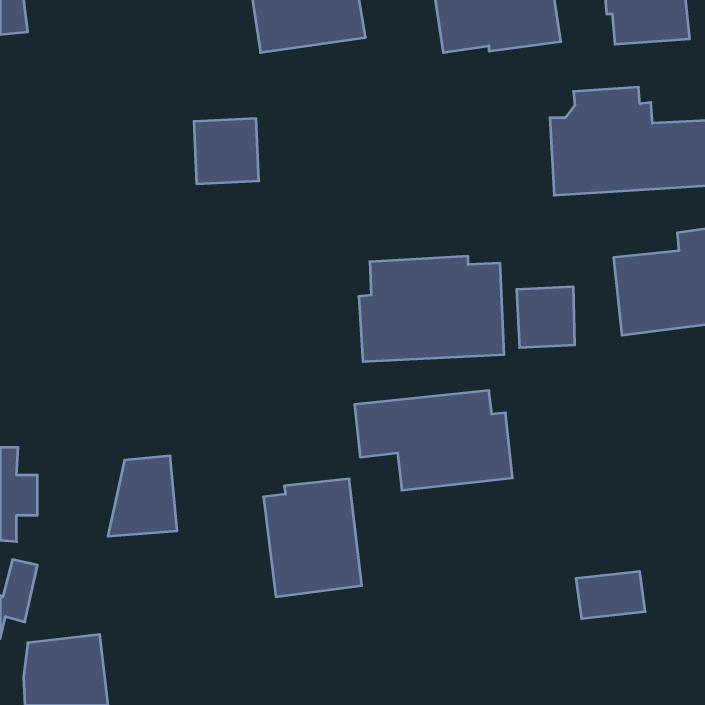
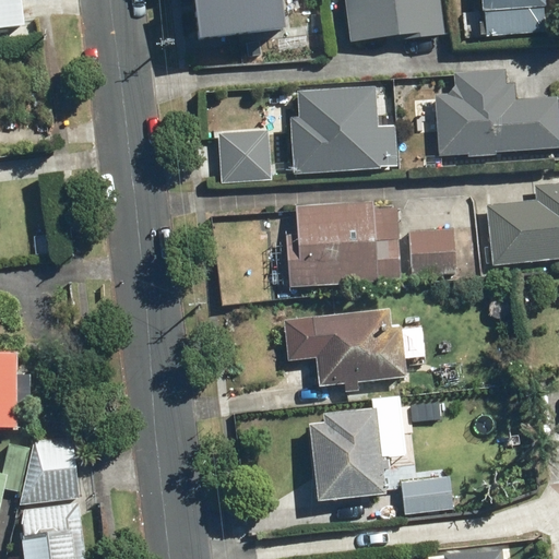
building: none -> [289,86,397,174]
building: [194,119,259,184] -> [218,130,270,181]
building: [108,456,177,536] -> [23,438,78,501]
building: [263,479,362,597] -> [307,408,384,501]
building: [576,571,645,619] -> [401,475,455,512]

